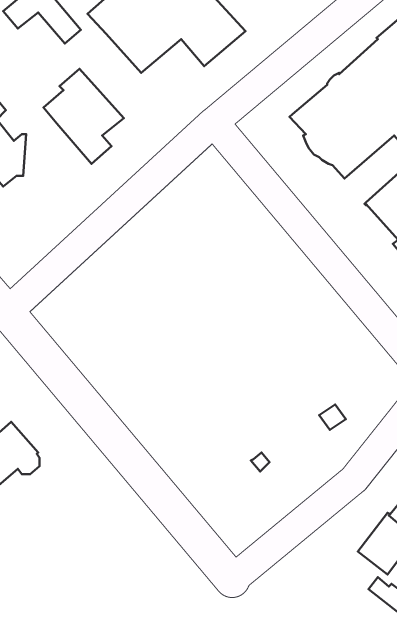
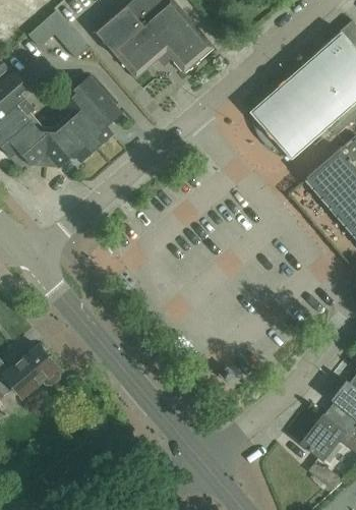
building: none -> [46,117,98,167]

